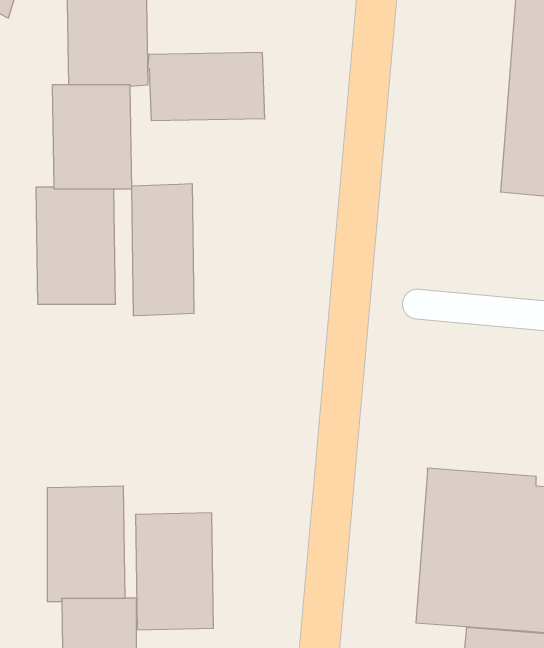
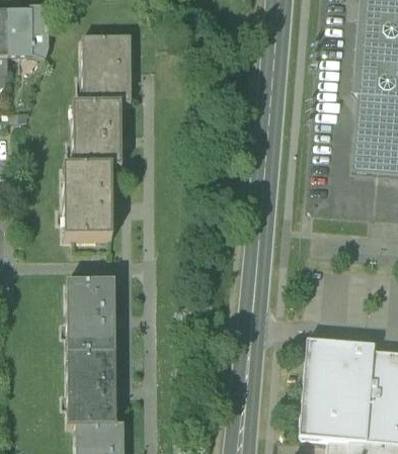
building: [148,52,265,121] -> none
building: [132,184,194,316] -> none
building: [135,513,213,630] -> [67,279,115,352]

